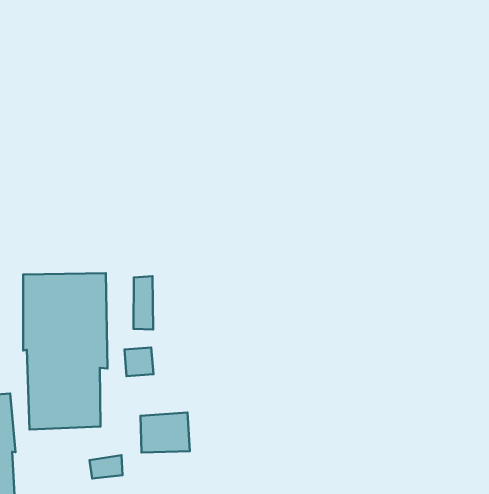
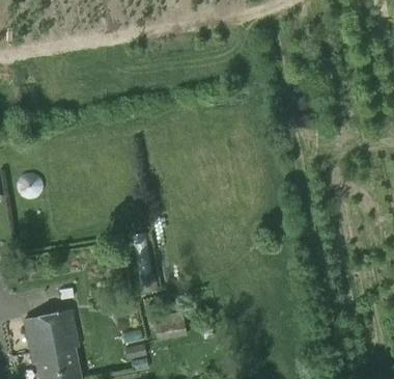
building: [23,273,107,430] -> none

